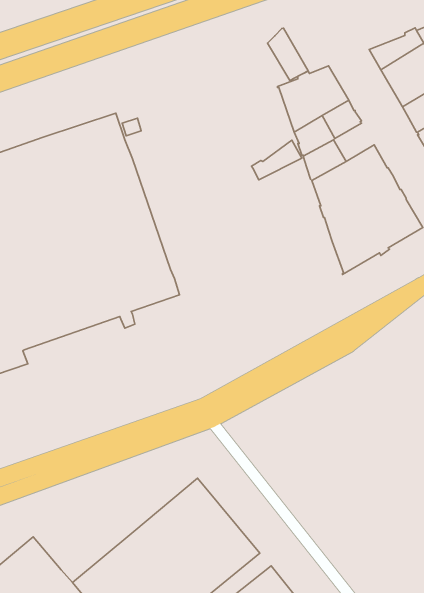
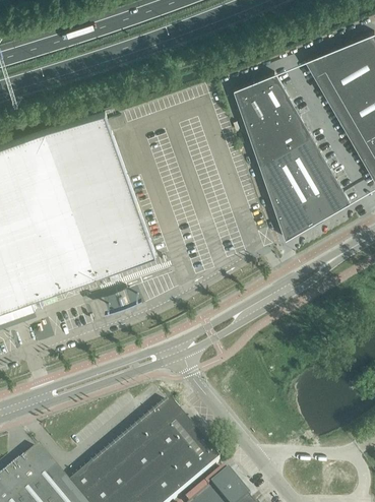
building: [268,28,308,81] -> none
building: none -> [277,120,310,150]
building: [252,140,302,180] -> none

